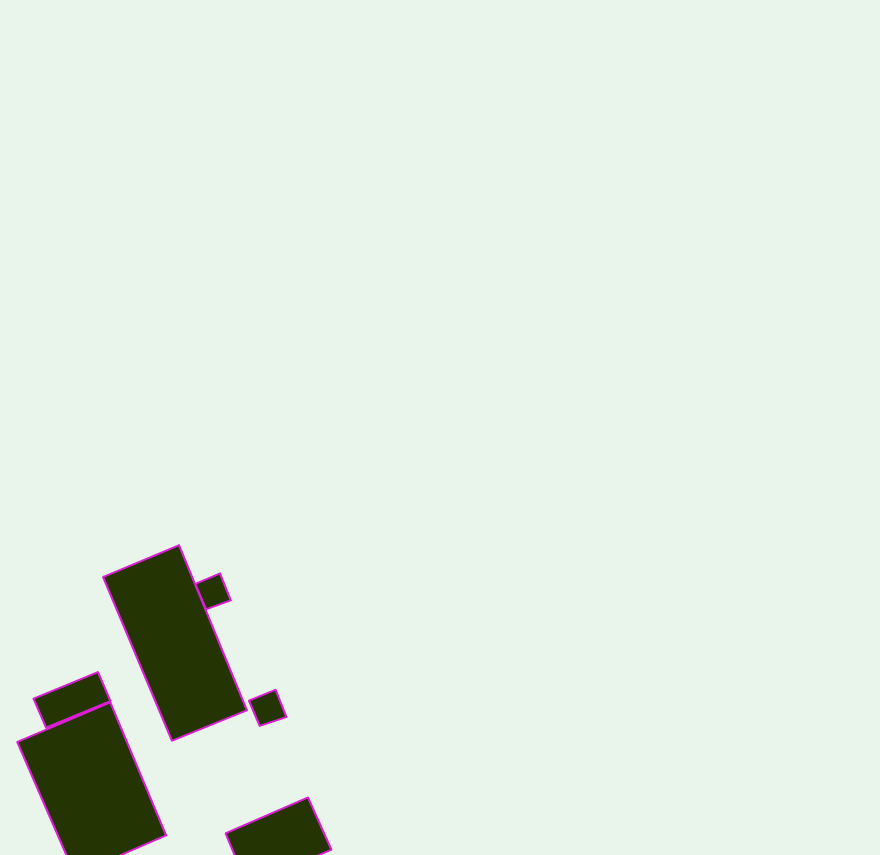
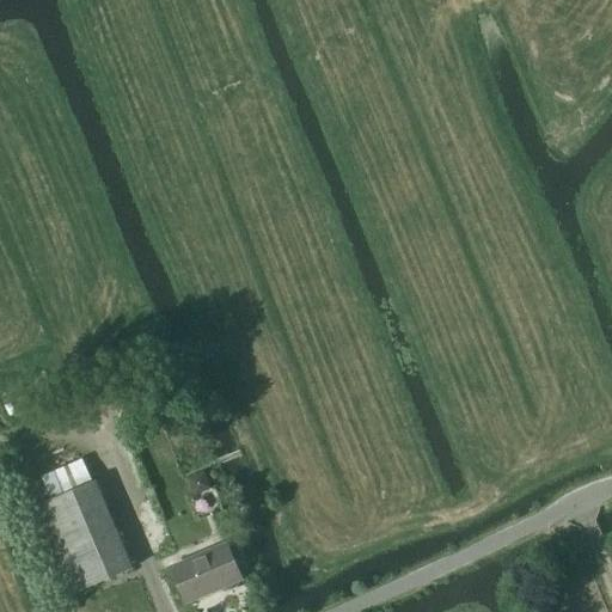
building: [103,545,247,741] -> none

